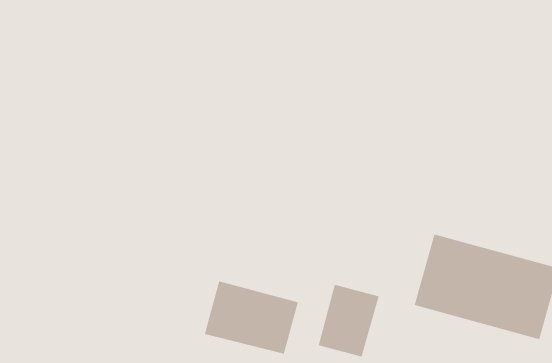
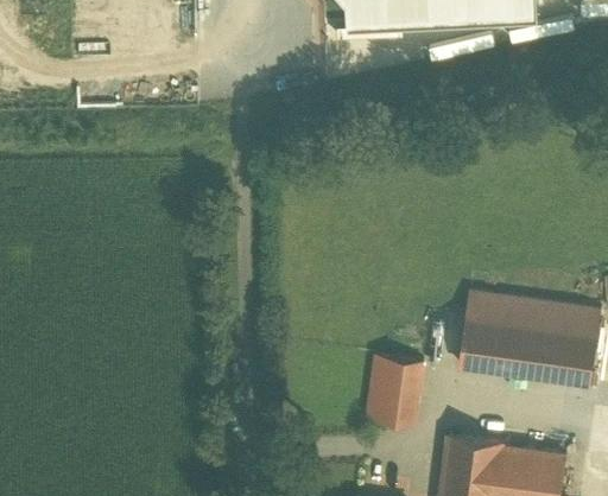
building: [204,281,298,354] -> none

